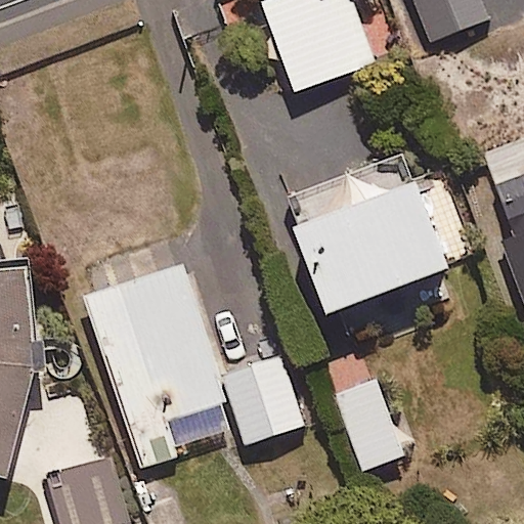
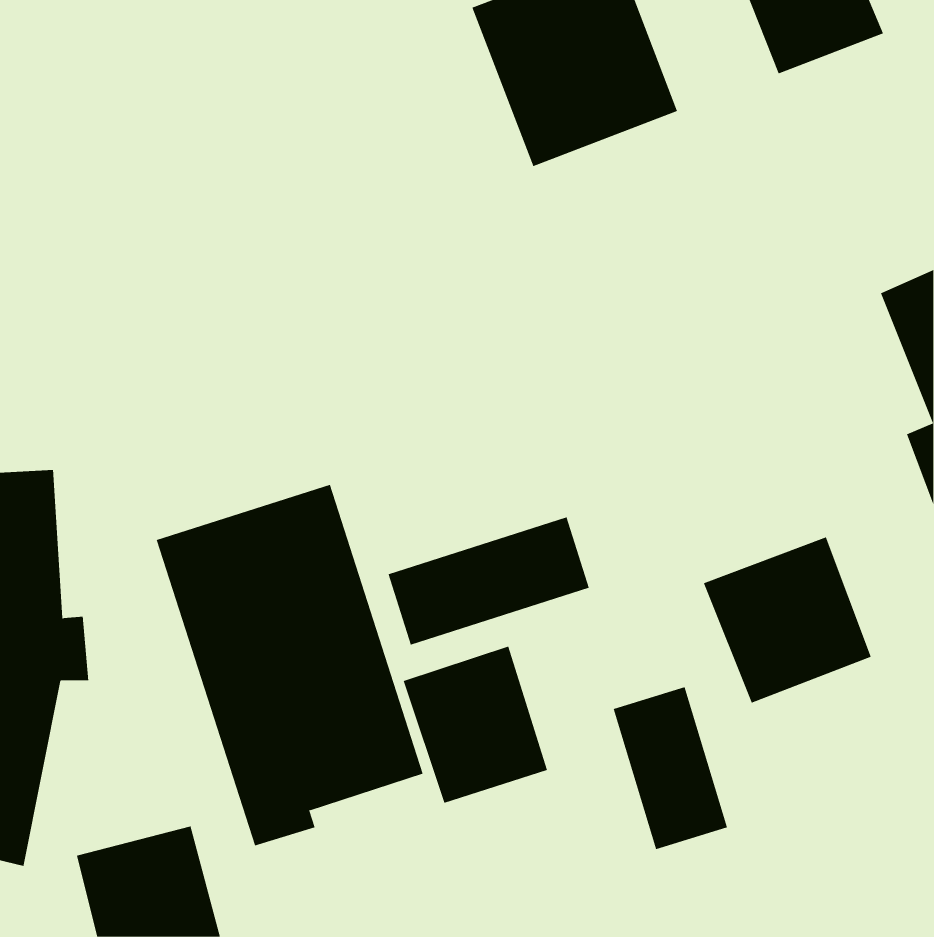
building: [286,146,457,320] -> none
building: none -> [388,517,589,645]
building: none -> [703,536,872,704]

